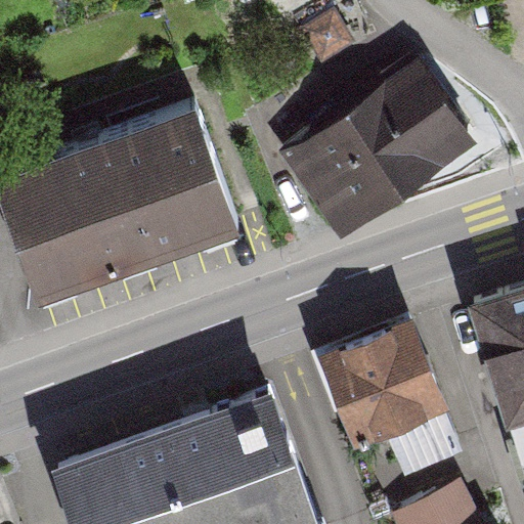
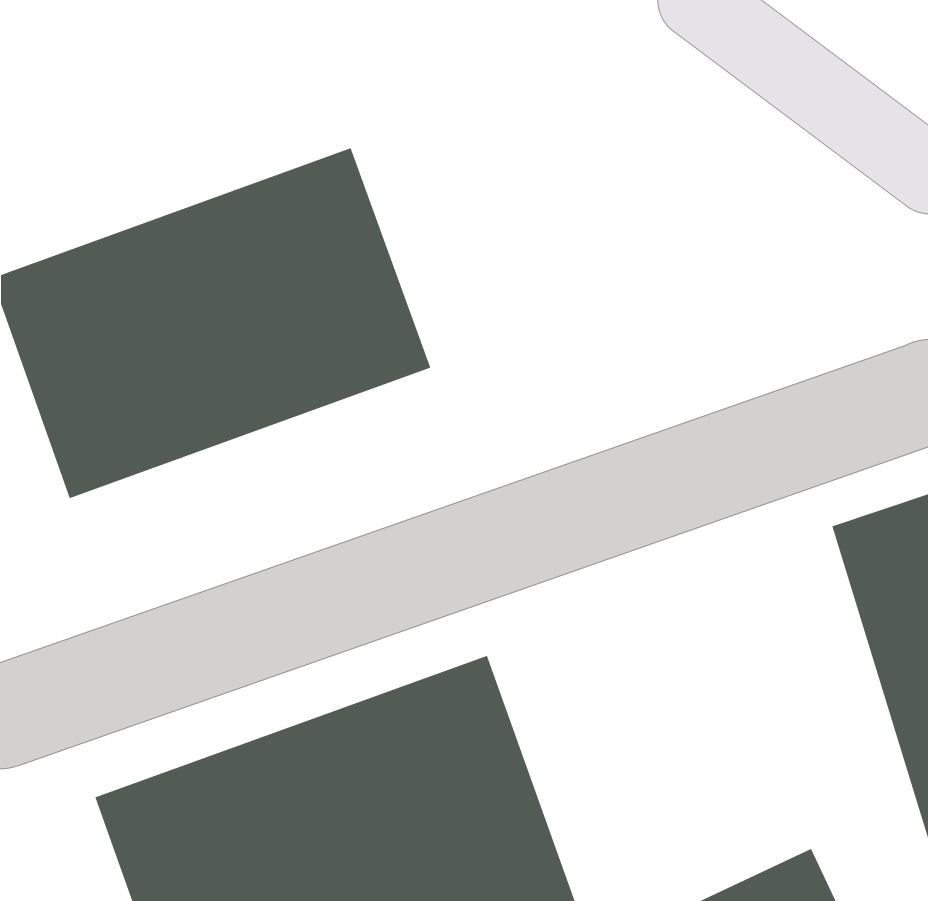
building: [282,70,473,244] -> none
building: [318,326,457,472] -> none

